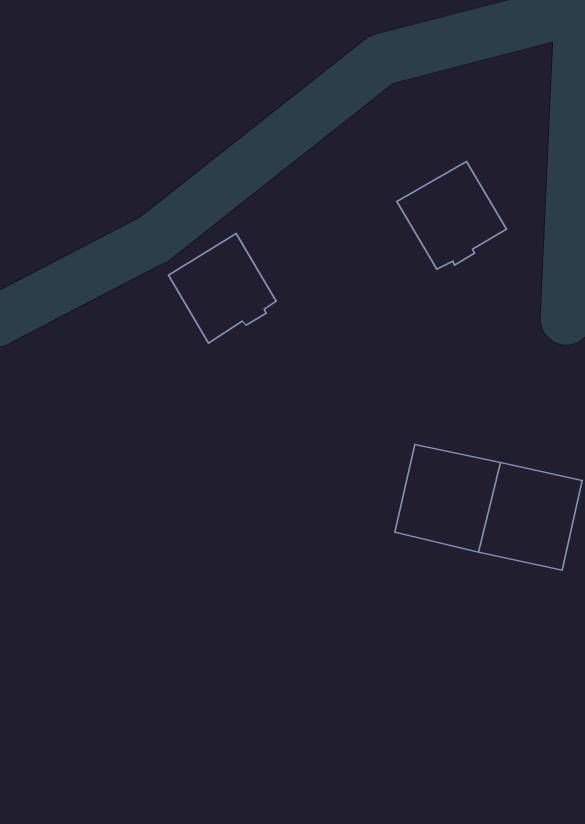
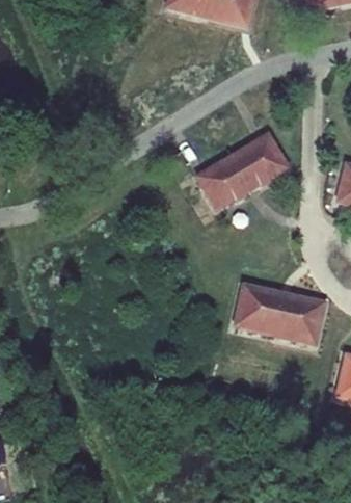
building: [169,233,276,343] -> [197,154,253,211]

